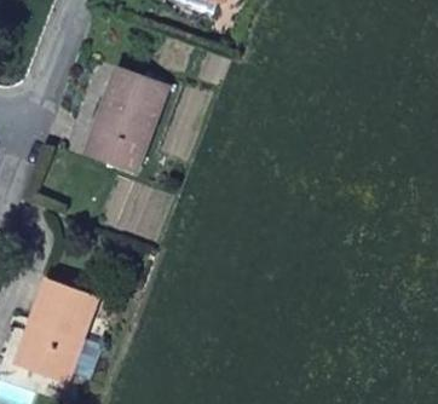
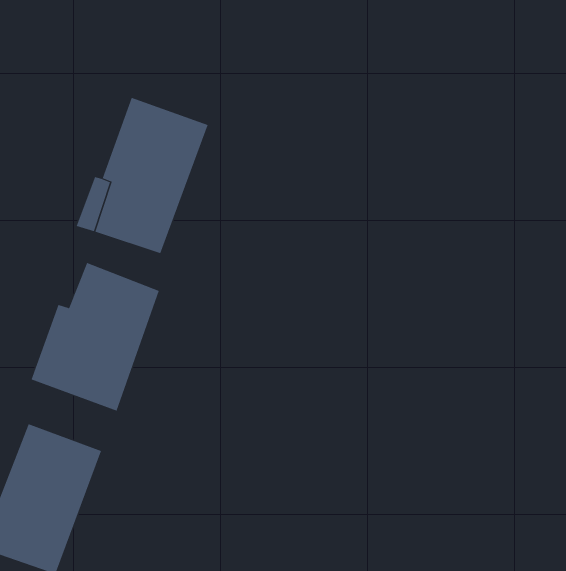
building: none -> [31,262,160,411]

